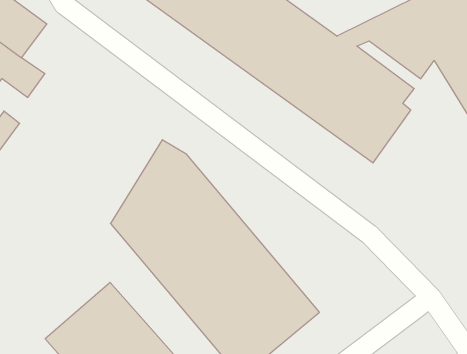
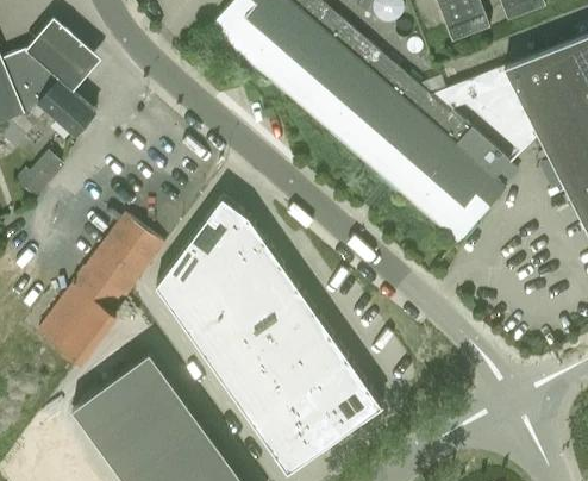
building: none -> [38,214,165,375]

